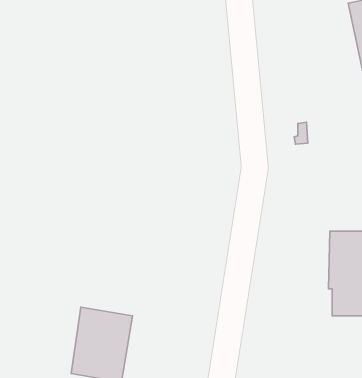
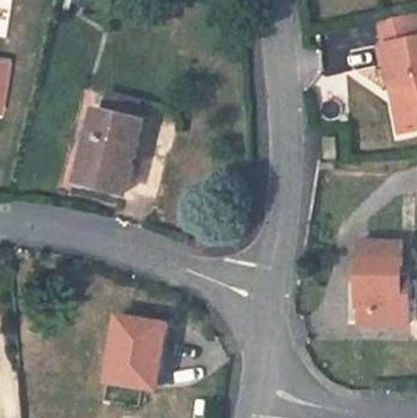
building: none -> [75,110,141,194]

